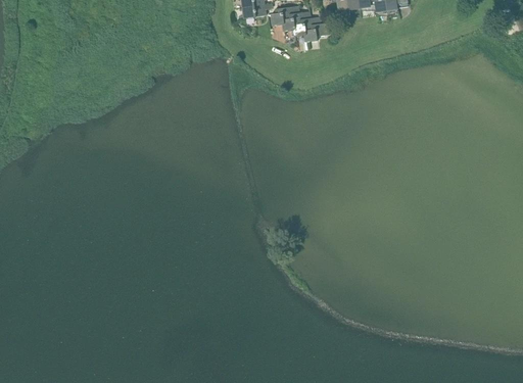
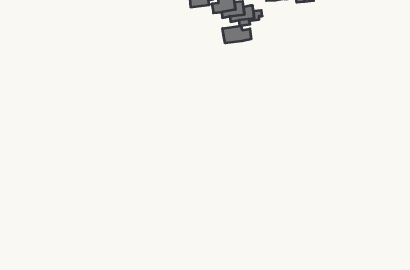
building: none -> [223,26,251,43]

